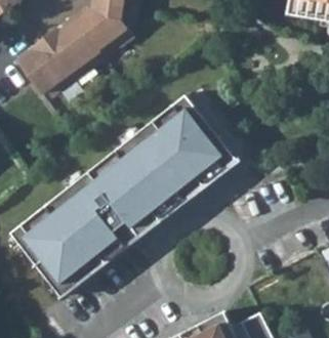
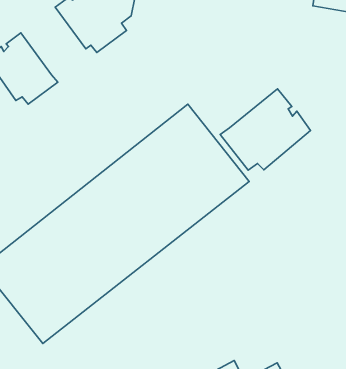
building: [44,15,99,78] -> none
building: none -> [220,89,311,170]

